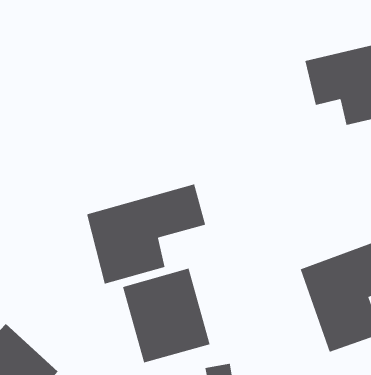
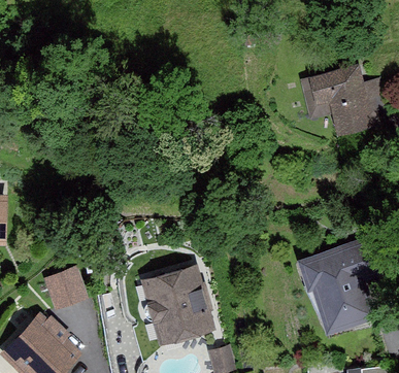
building: [86,184,206,284] -> none
building: none -> [47,266,93,309]

